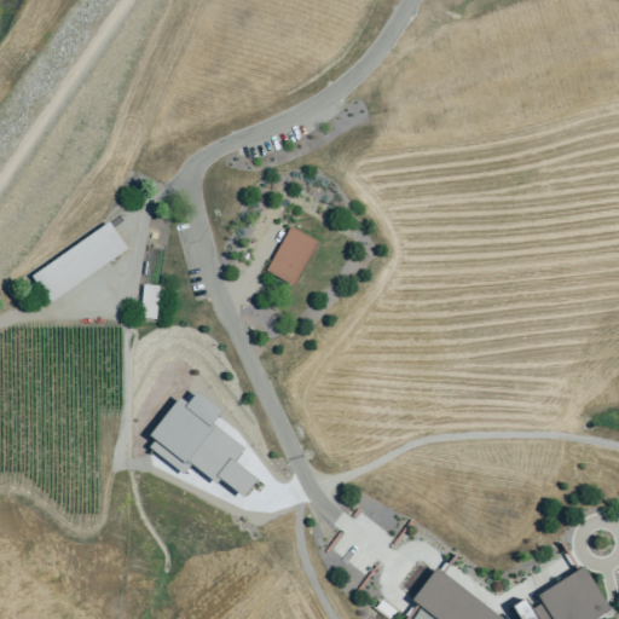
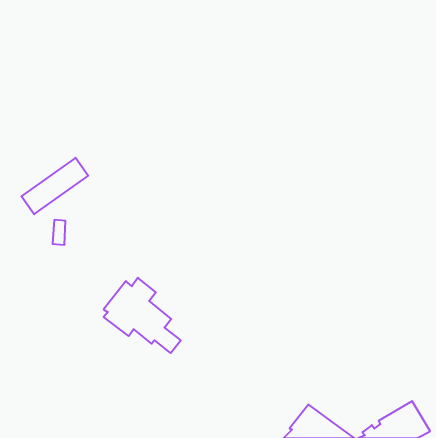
building: [267,226,318,285] -> none
building: [143,284,161,319] -> [53,220,65,245]

